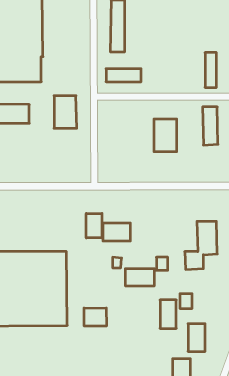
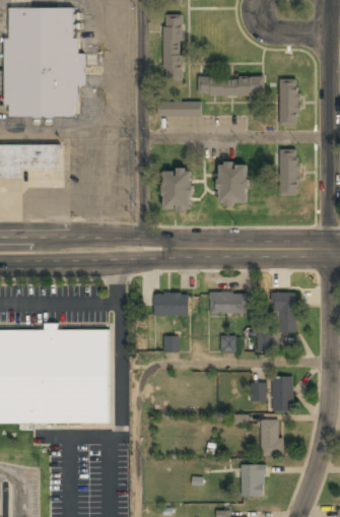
building: none -> [198,75,264,95]
building: [54,96,77,128] -> [163,170,192,210]
building: [86,213,102,238] -> none
building: [125,269,154,286] -> [210,292,247,313]
building: [160,300,176,328] -> [272,376,292,411]
building: [84,308,106,326] -> none

